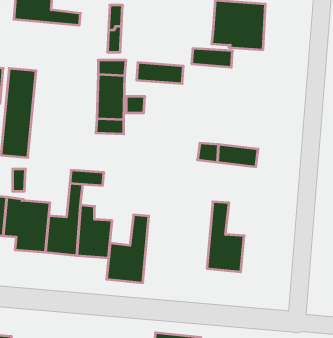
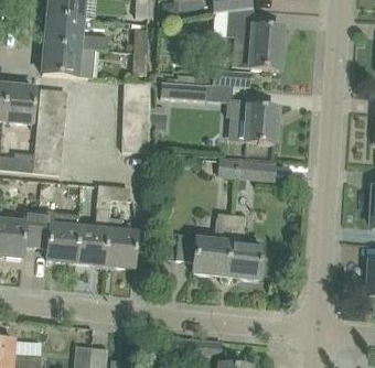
building: none -> [41,42,106,77]
building: none -> [225,97,276,144]
building: [107,215,149,283] -> [192,213,232,277]

